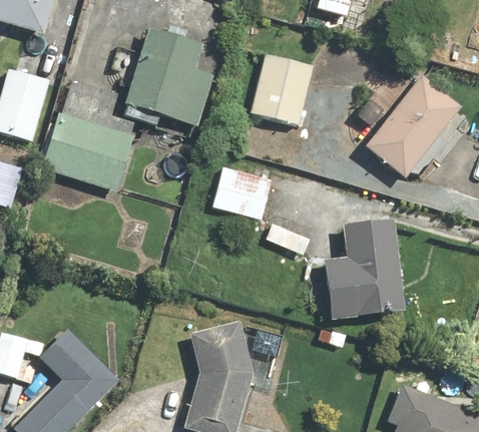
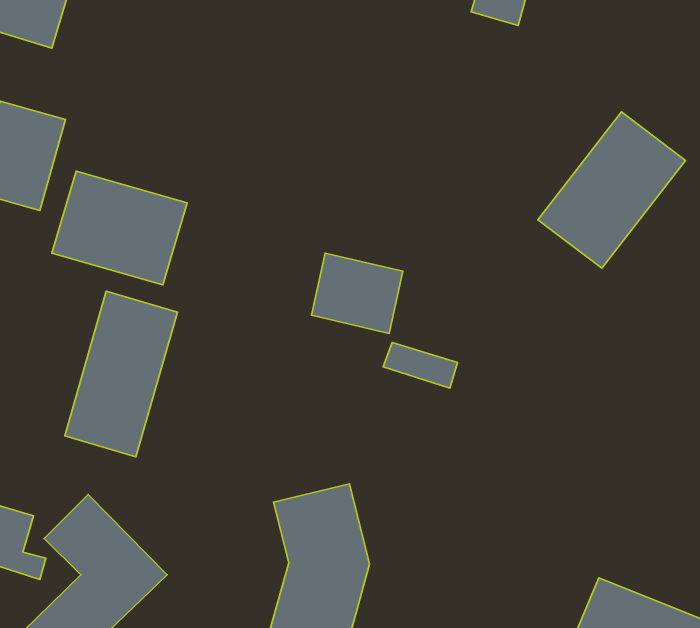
building: [122,28,213,126] -> none
building: [251,55,316,125] -> none
building: none -> [65,291,178,457]
building: [320,220,406,320] -> none

